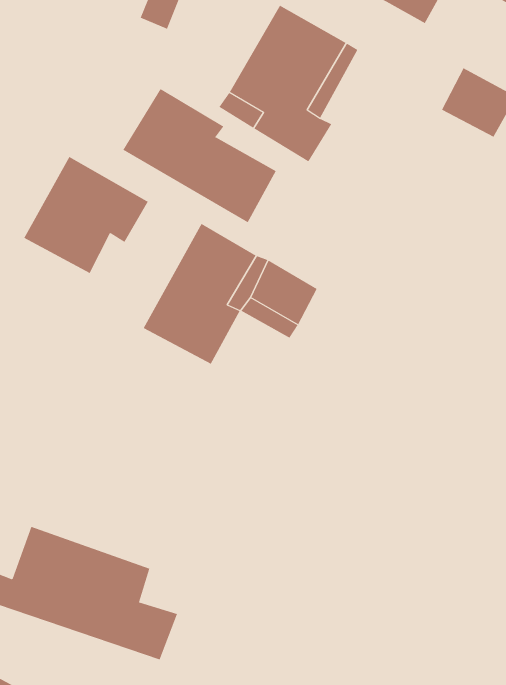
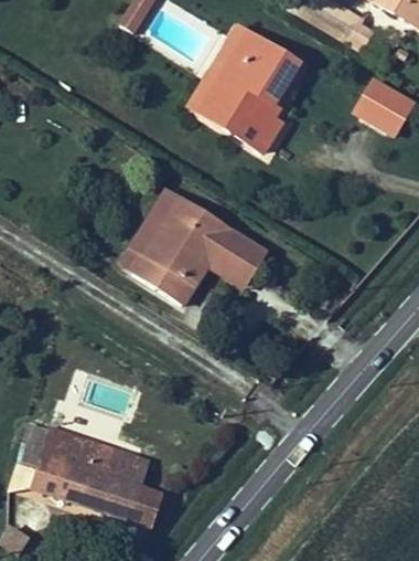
building: [122,88,277,223] -> none
building: [24,156,149,274] -> none

